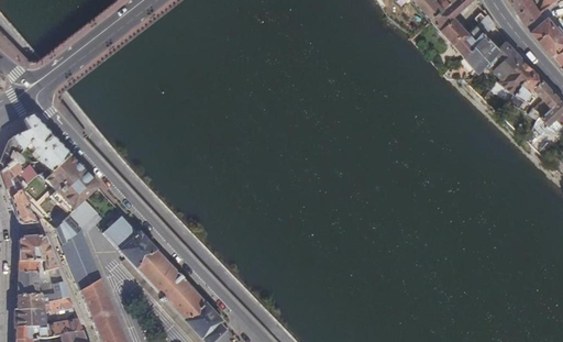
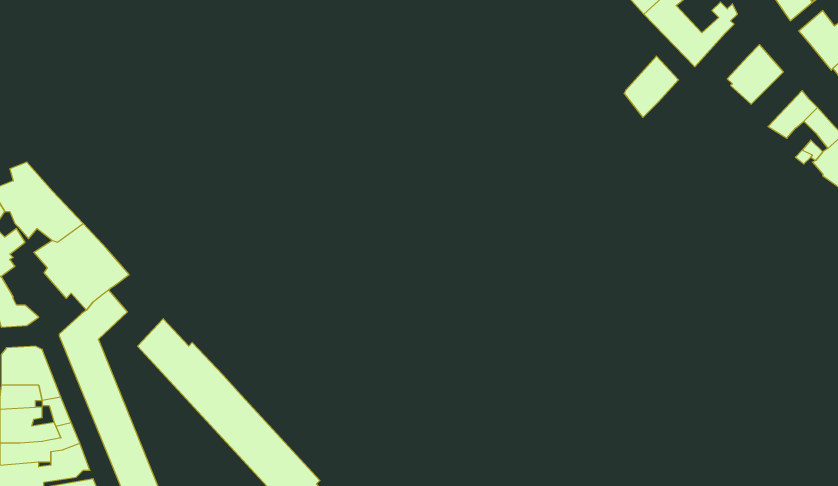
building: [464,32,499,71] -> [624,56,679,117]
building: [498,57,534,92] -> none

